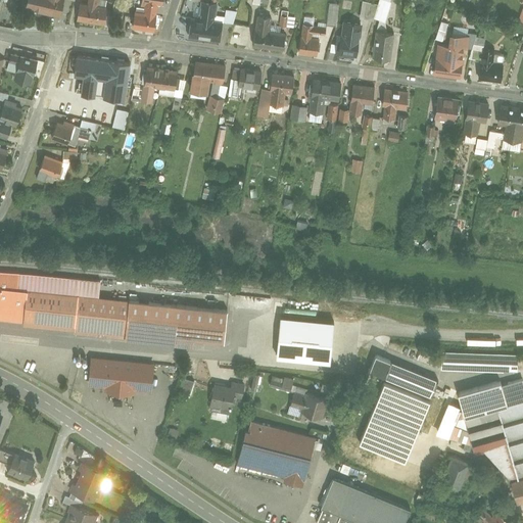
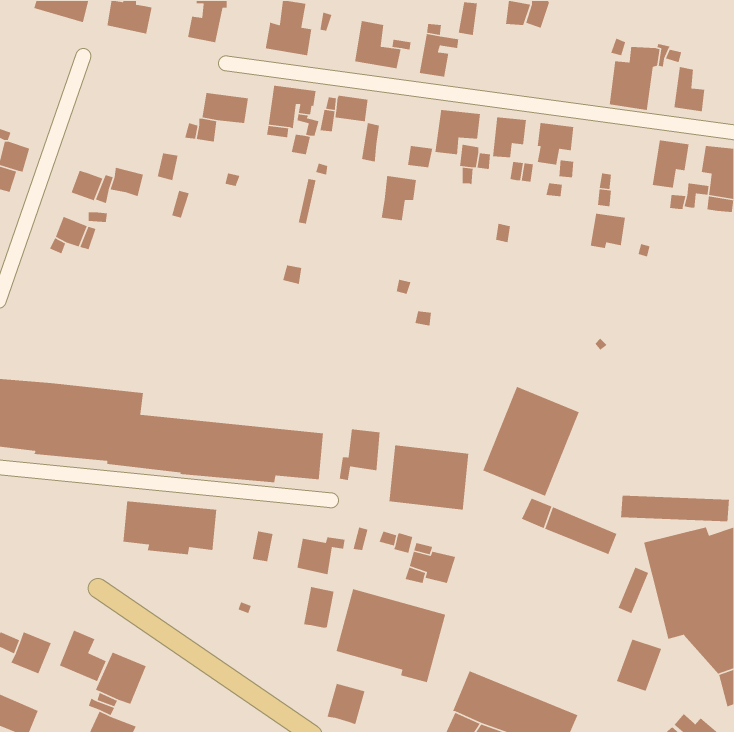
building: [334,23,362,57] -> none
building: [372,33,393,61] -> none
building: [6,55,37,85] -> none
building: [74,55,130,101] -> none
building: [268,74,293,106] -> [381,175,417,221]
building: [434,96,460,122] -> [590,213,626,249]
building: none -> [339,428,381,481]
building: [359,383,428,462] -> [482,386,580,497]
building: none -> [303,586,334,629]
building: none -> [59,630,107,682]
building: none -> [327,683,365,725]

